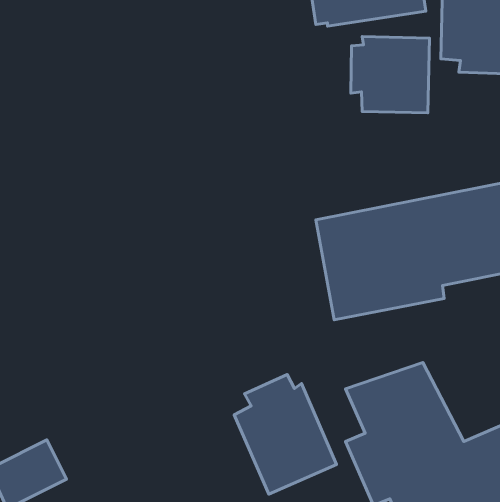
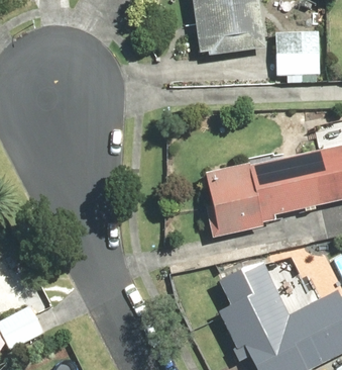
building: [351,37,430,113] -> none
building: [234,375,337,494] -> none

